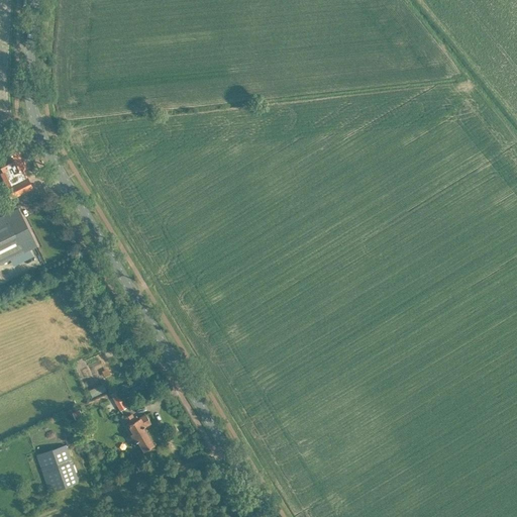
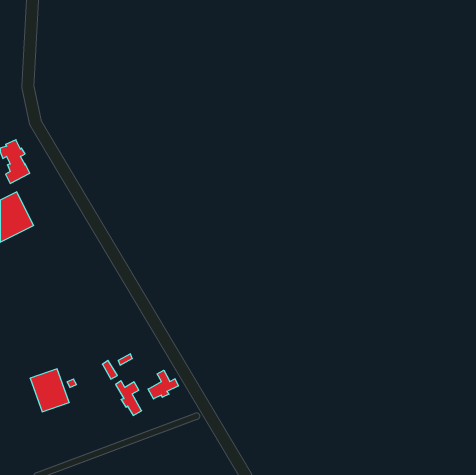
building: none -> [148,370,178,399]
building: [36,447,79,494] -> [30,369,69,412]

